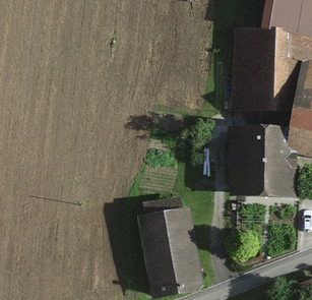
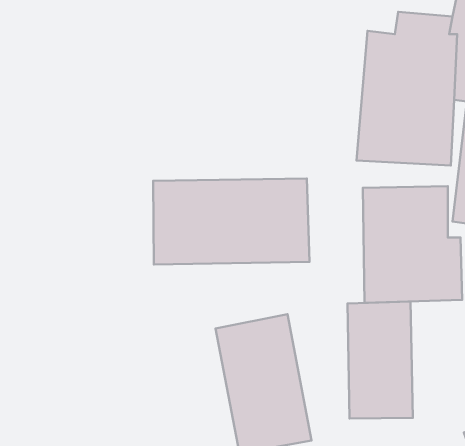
building: none -> [153,178,309,265]
building: none -> [348,302,413,418]

